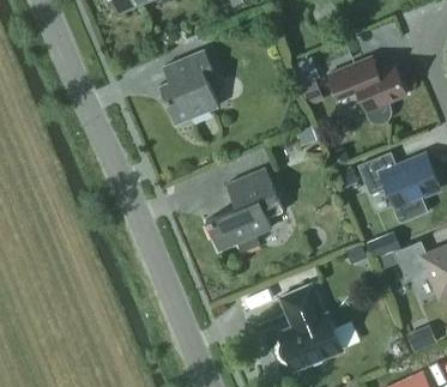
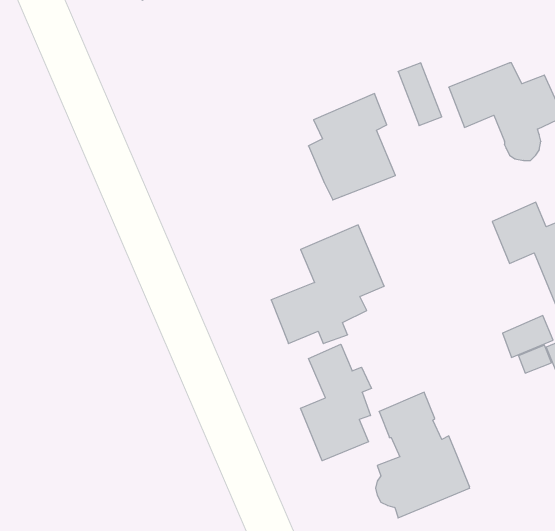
building: [159,49,219,122] -> [308,94,395,200]
building: none -> [300,344,371,461]

